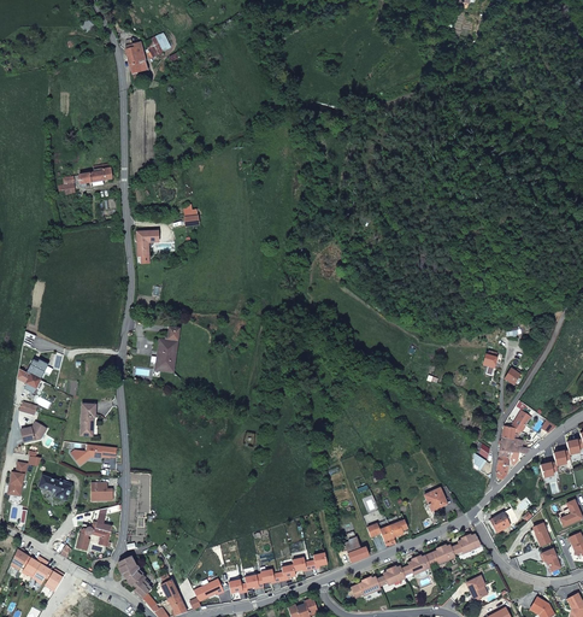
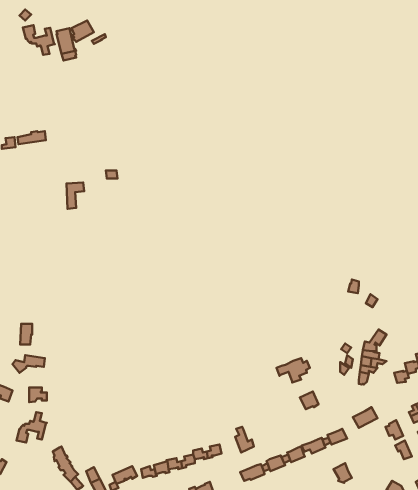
building: none -> [23,25,55,55]
building: [155,329,178,371] -> none
building: [366,516,407,546] -> [277,358,310,383]

